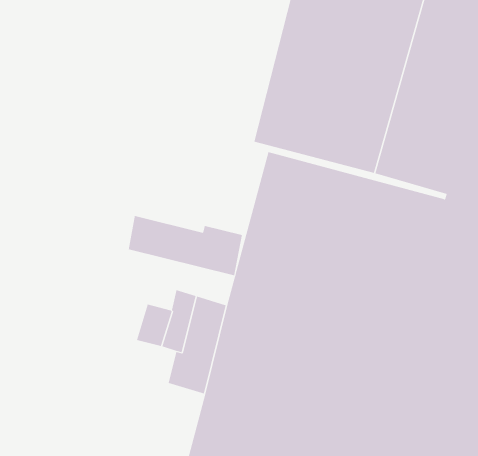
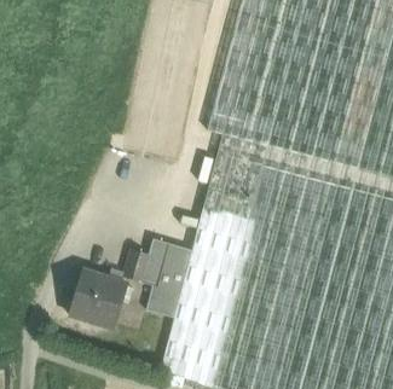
building: [128,215,243,276] -> none
building: none -> [69,268,129,327]

